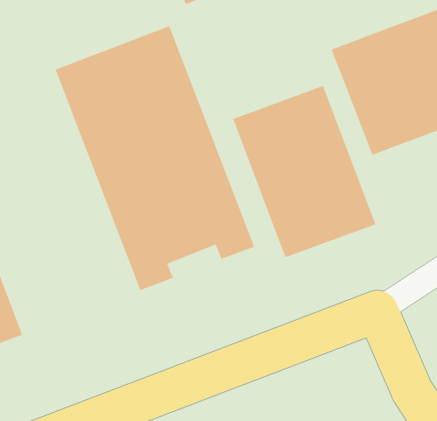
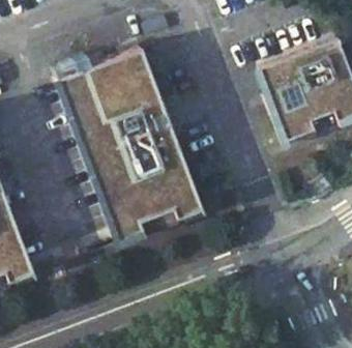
building: [232,85,376,258] -> none

